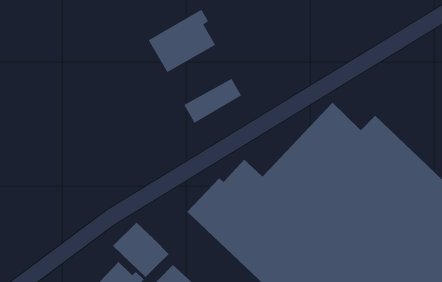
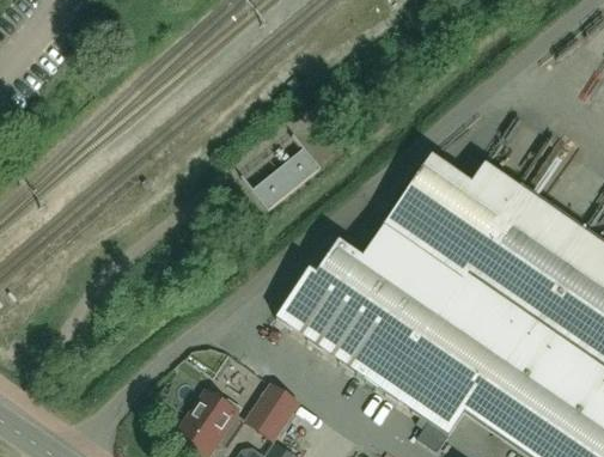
building: [148,9,216,73] -> none
building: [112,222,170,278] -> none

